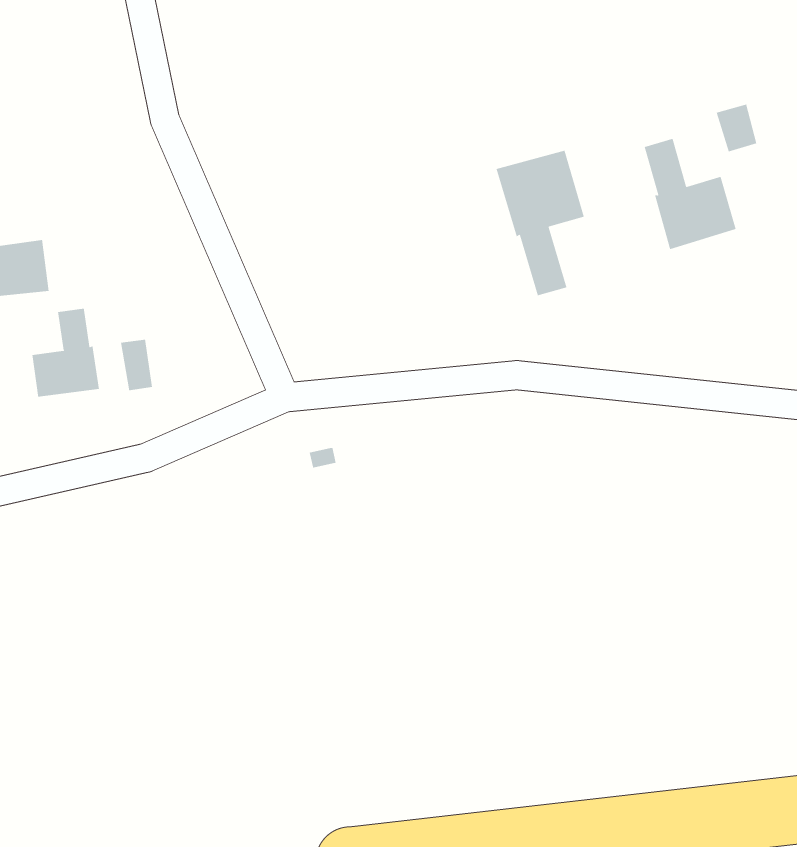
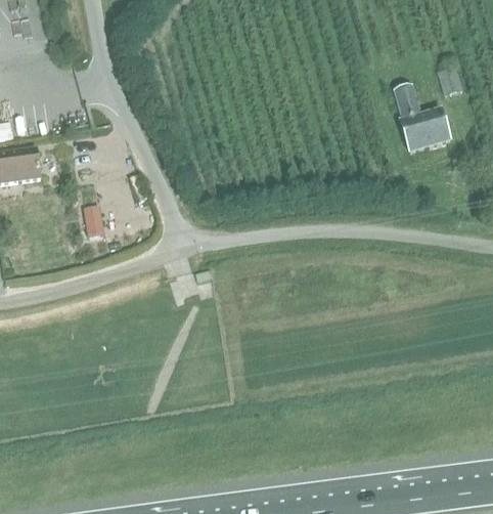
building: [496,150,584,296] -> none
building: [32,308,99,397] -> none

